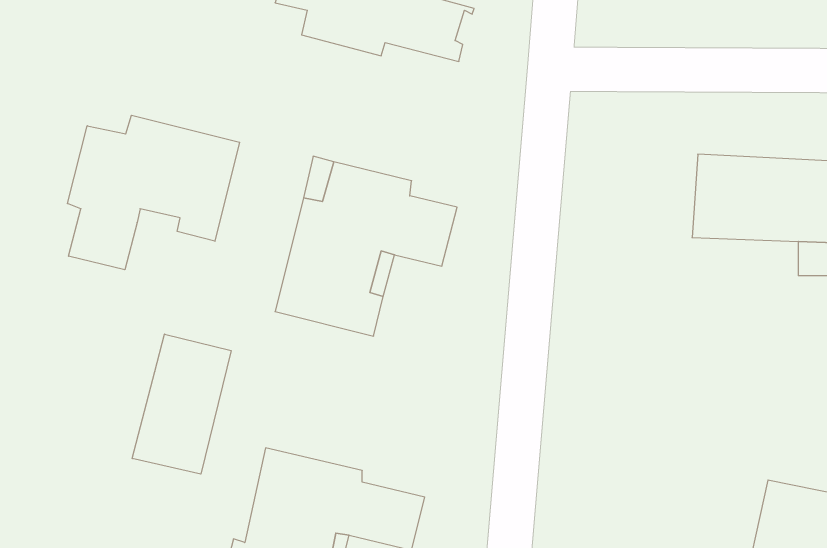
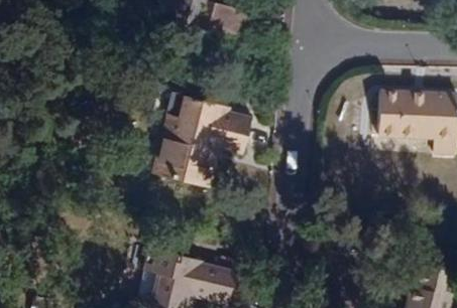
building: [67,115,240,270] -> none
building: [132,334,231,474] -> none

